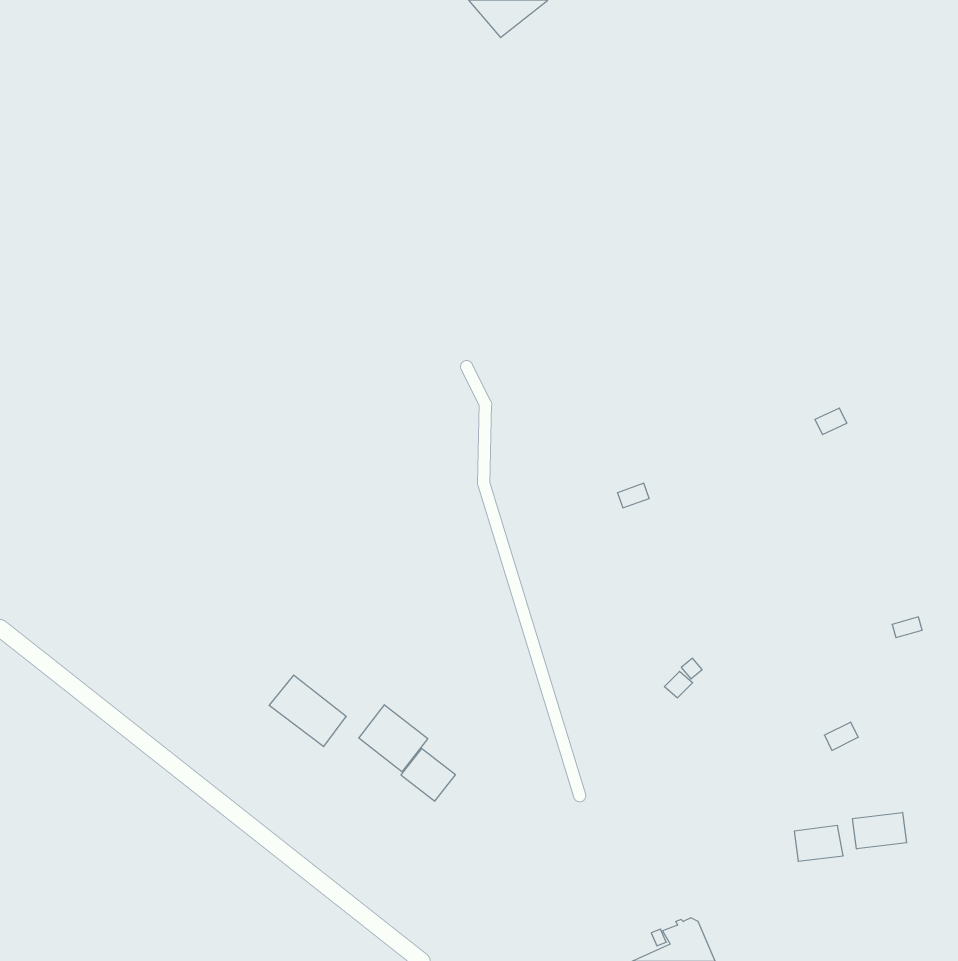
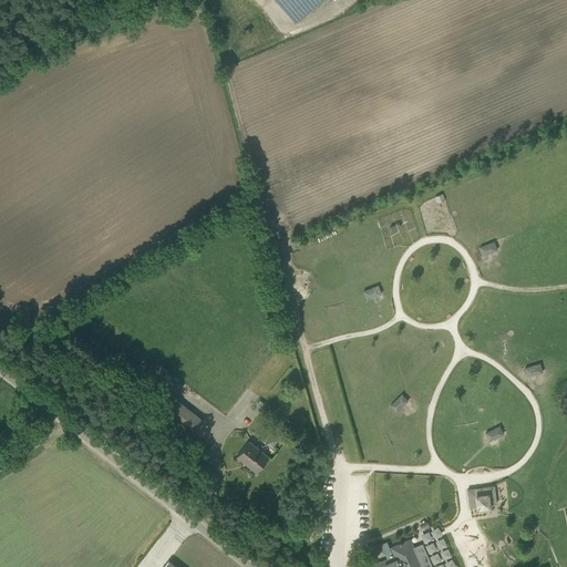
building: [359,705,428,772] -> none
building: [853,812,907,849] -> none

